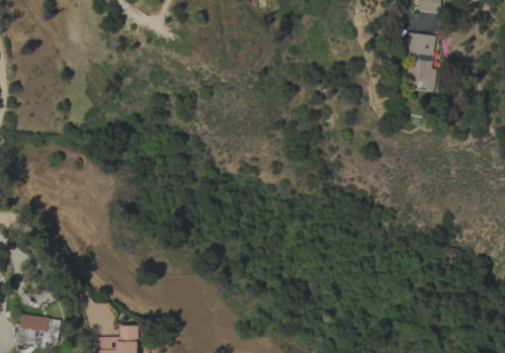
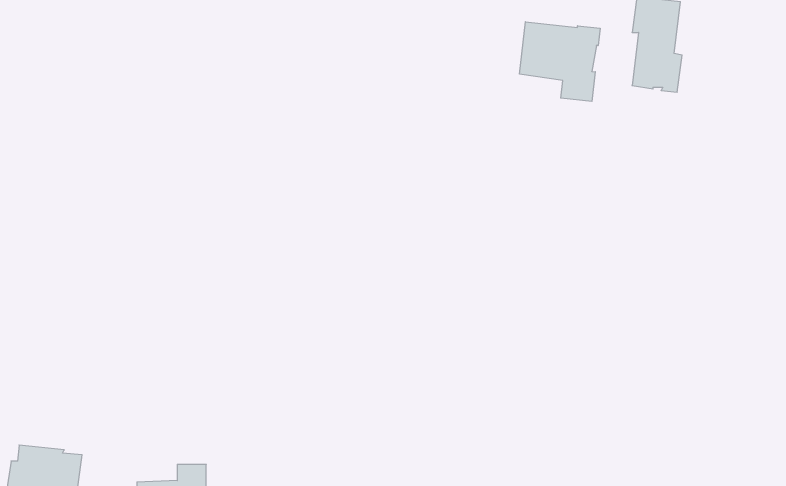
building: none -> [520,22,600,101]

